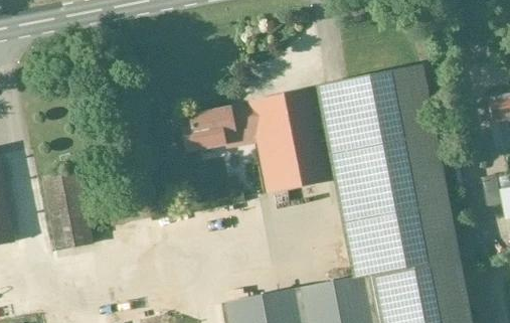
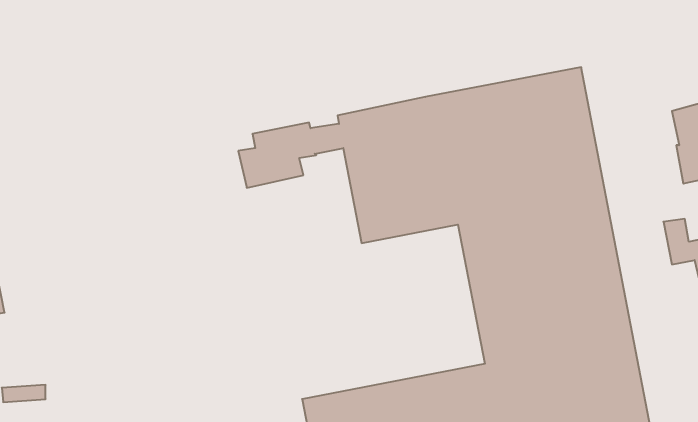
building: [42,169,94,250] -> none

